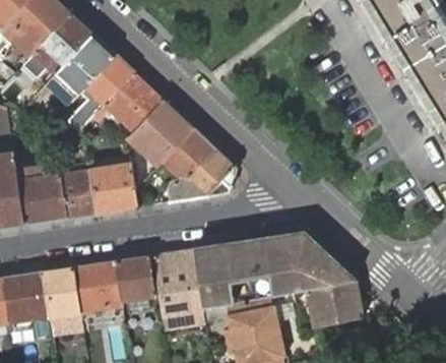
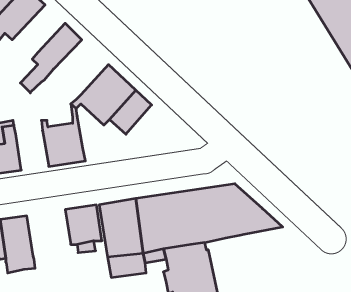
building: [46,34,114,104] -> none
building: [90,72,162,133] -> none
building: [166,144,235,201] -> none
building: [56,160,95,217] -> none
building: [71,260,121,315] -> none
building: [307,280,362,325] -> none

